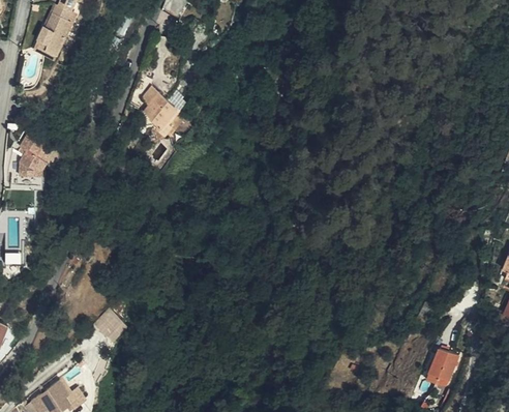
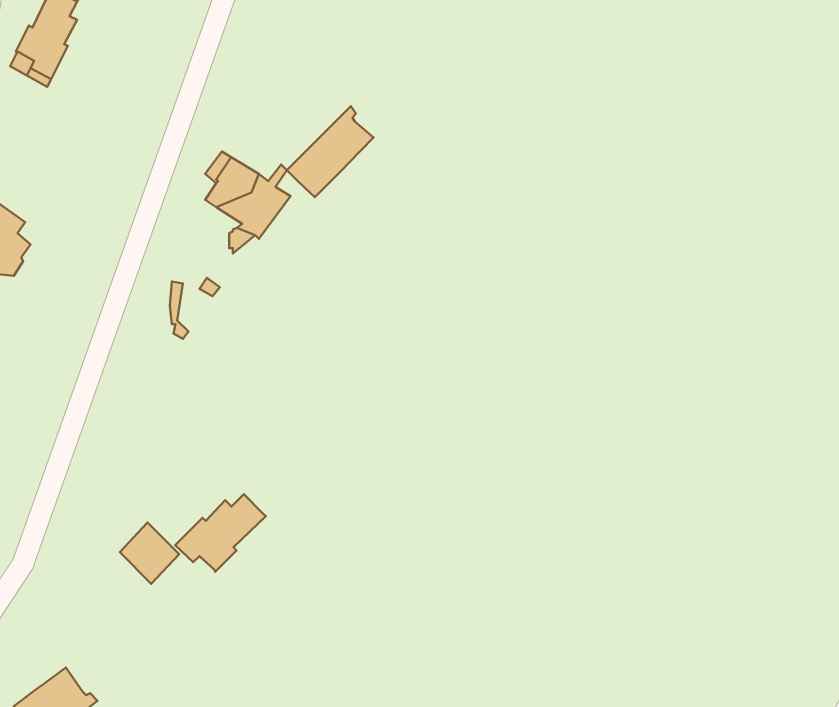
building: none -> [287,106,374,197]
building: none -> [175,494,266,572]
building: [428,343,460,383] -> none

